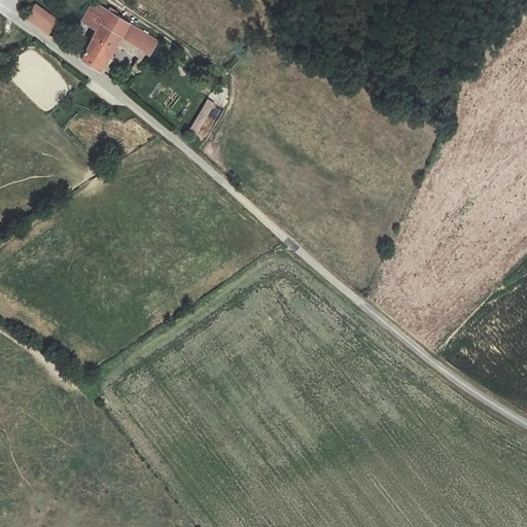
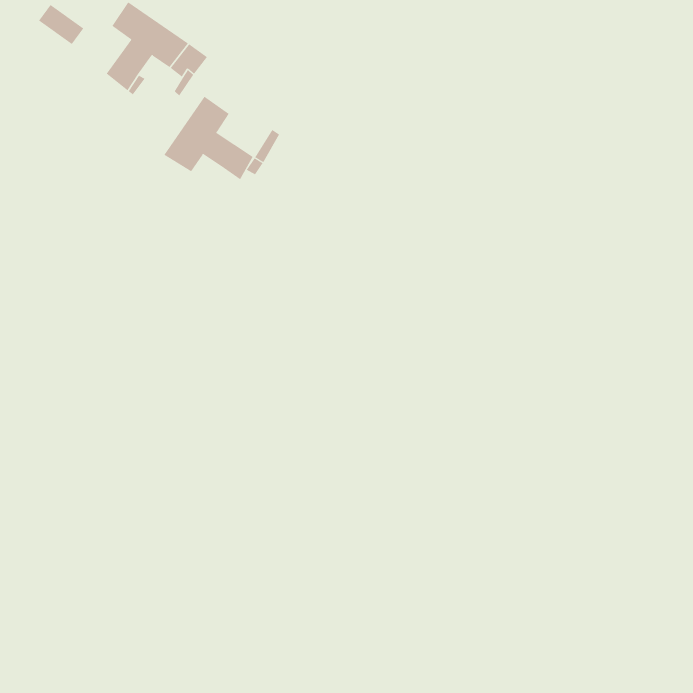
building: none -> [164,96,254,180]

